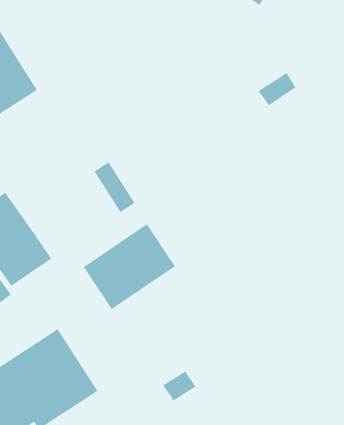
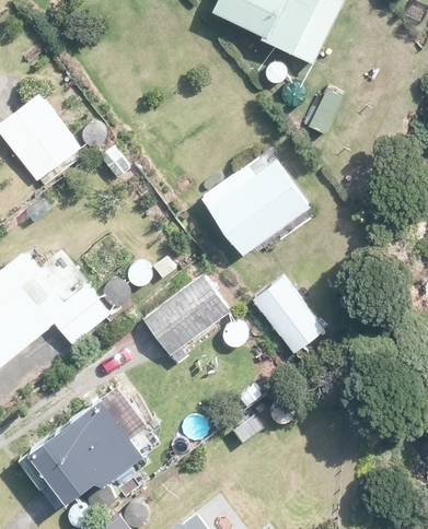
building: none -> [198,150,316,259]
building: none -> [250,275,325,354]

